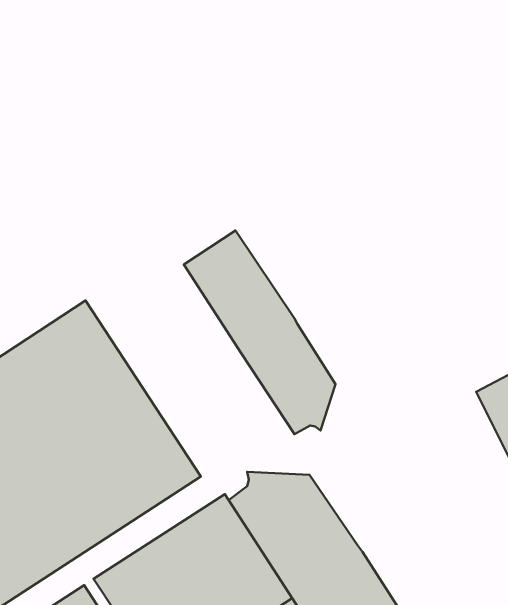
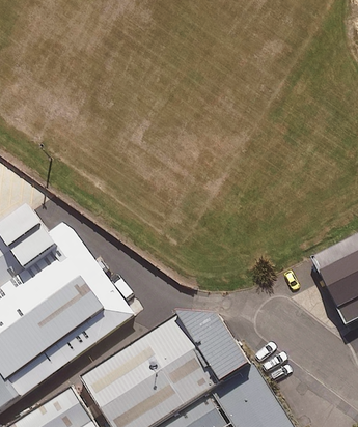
building: [184,230,336,434] -> none

